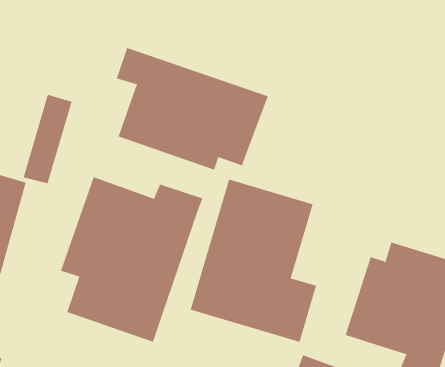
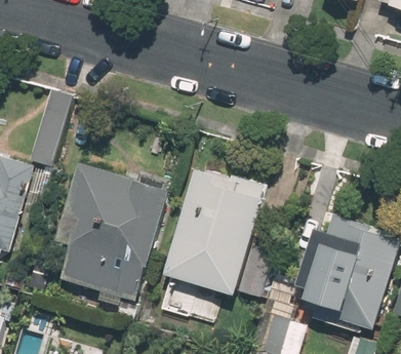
building: [116,47,268,171] -> none

